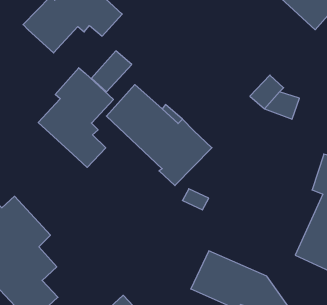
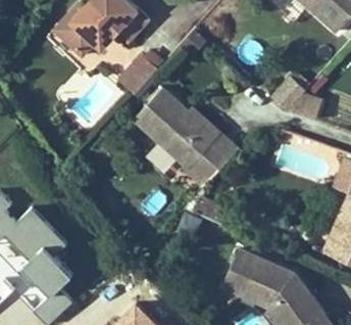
building: [38,68,113,167] -> none

